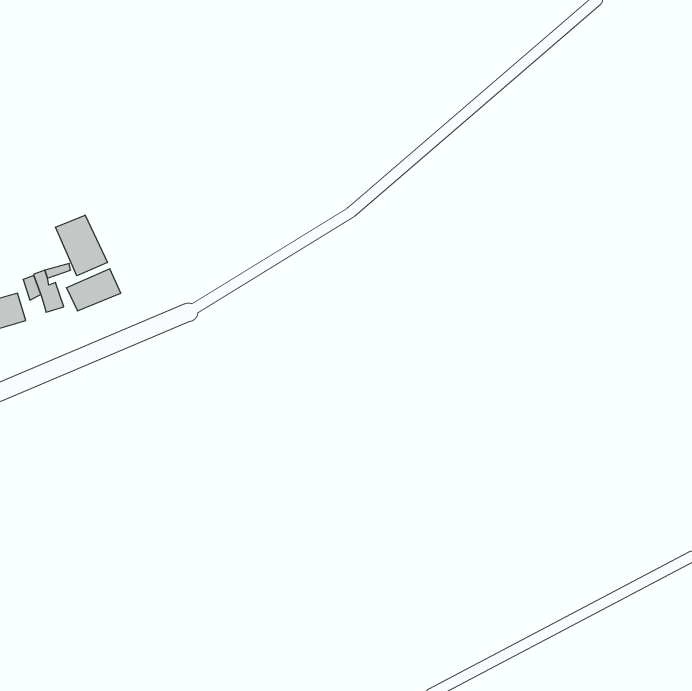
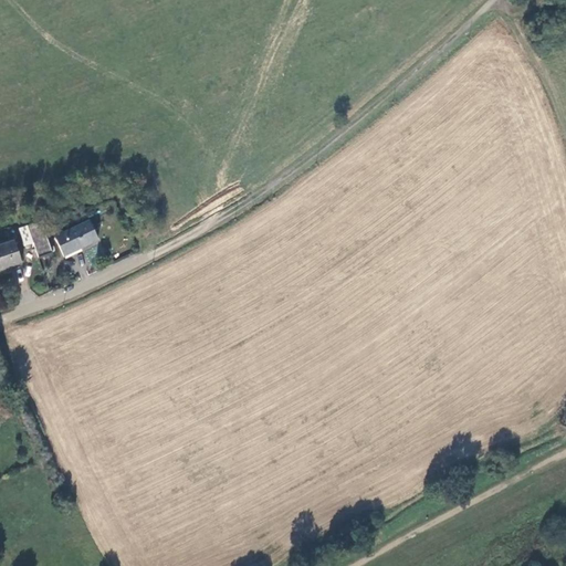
building: [56,215,107,276] -> none

